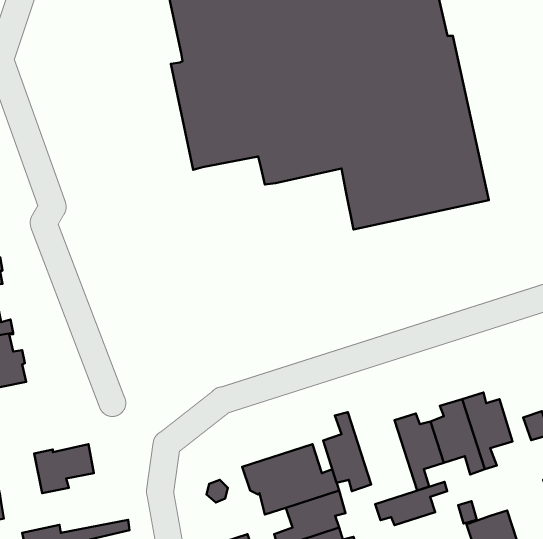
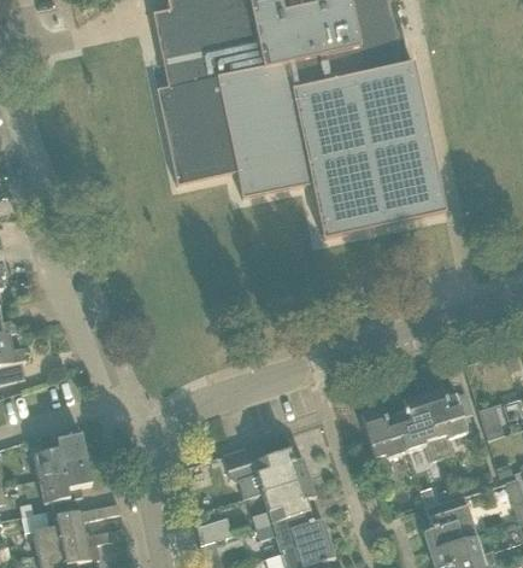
building: [323,412,371,491] -> none
building: none -> [40,461,92,503]
building: [375,482,447,525] -> none

